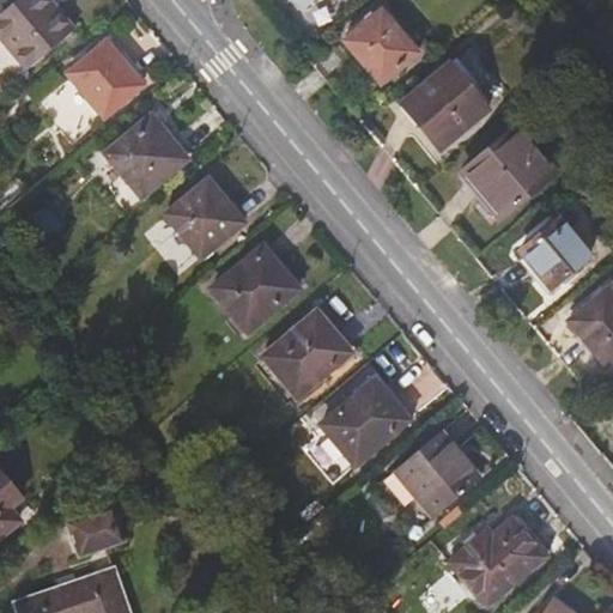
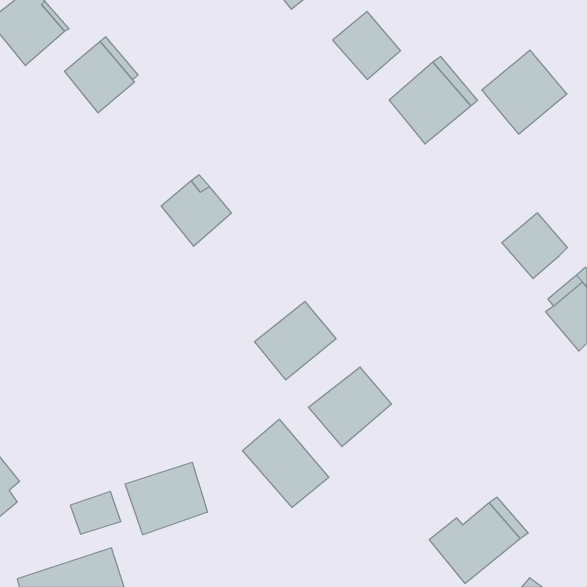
building: [105,119,184,196] -> none
building: [463,128,552,216] -> [482,50,567,134]
building: [212,250,296,328] -> none
building: [389,429,475,515] -> none
building: none -> [243,419,329,507]
building: none -> [125,462,207,535]

